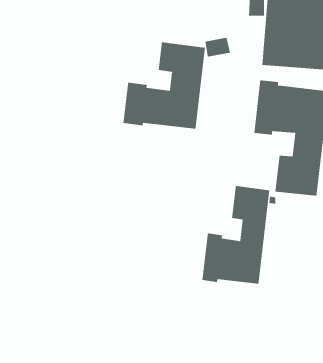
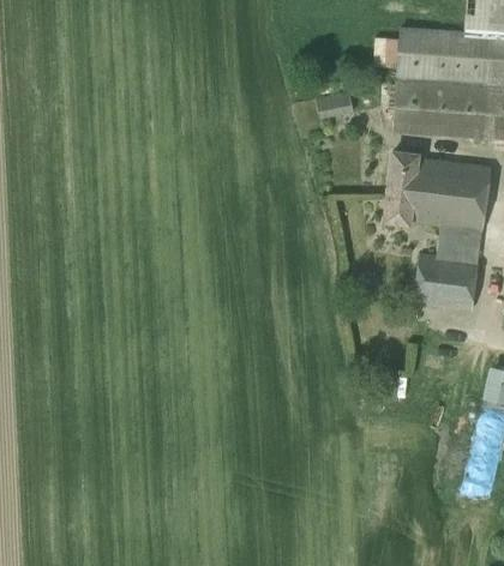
building: [123,42,206,130] -> none
building: [202,185,270,284] -> none

